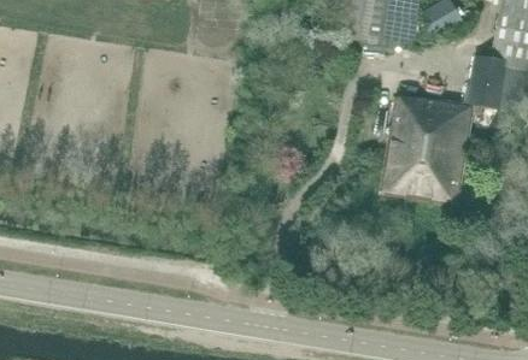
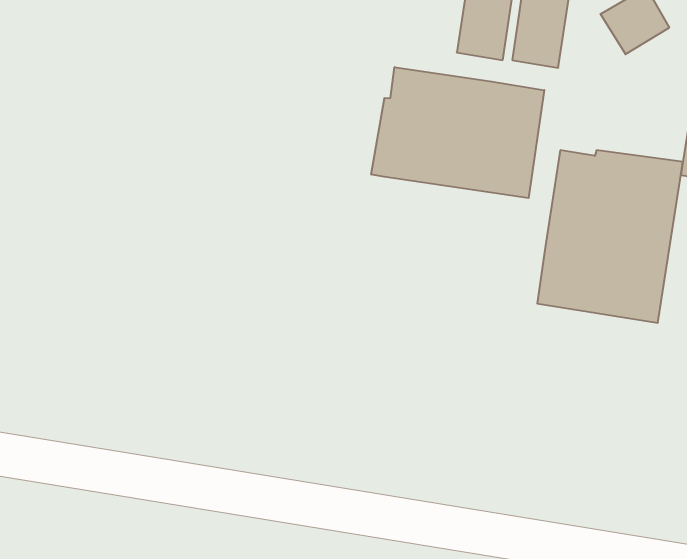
building: none -> [371,67,544,198]

